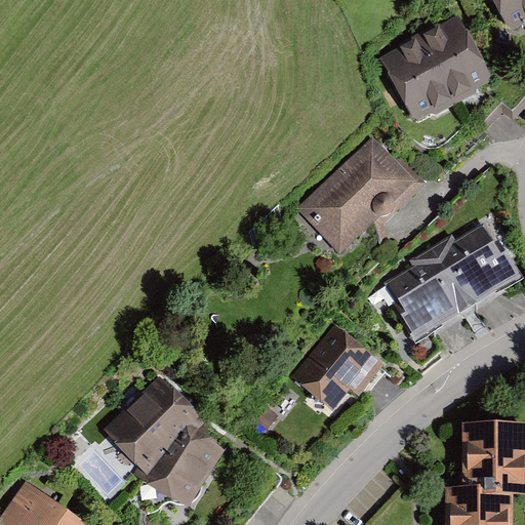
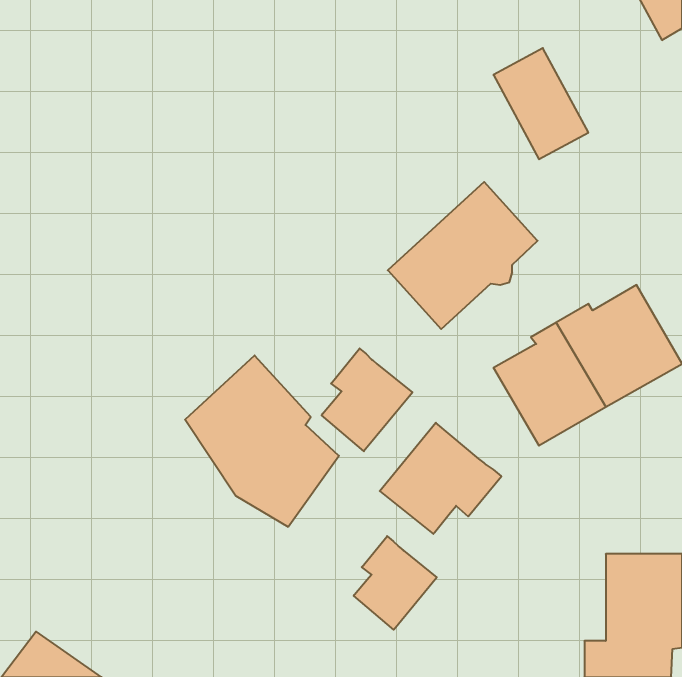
building: [416,15,491,102] -> none
building: none -> [322,348,412,451]
building: [109,377,227,509] -> [185,355,339,527]
building: none -> [354,536,437,630]

